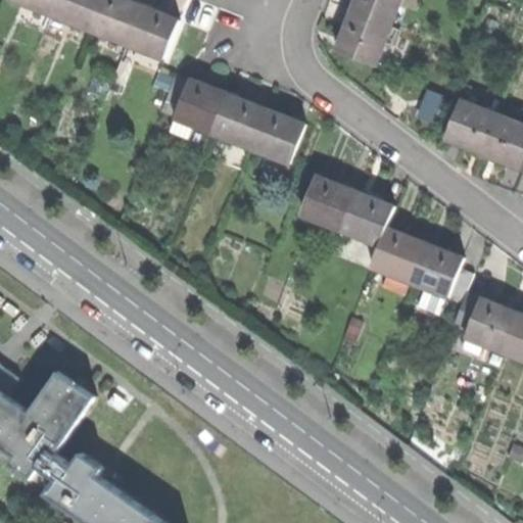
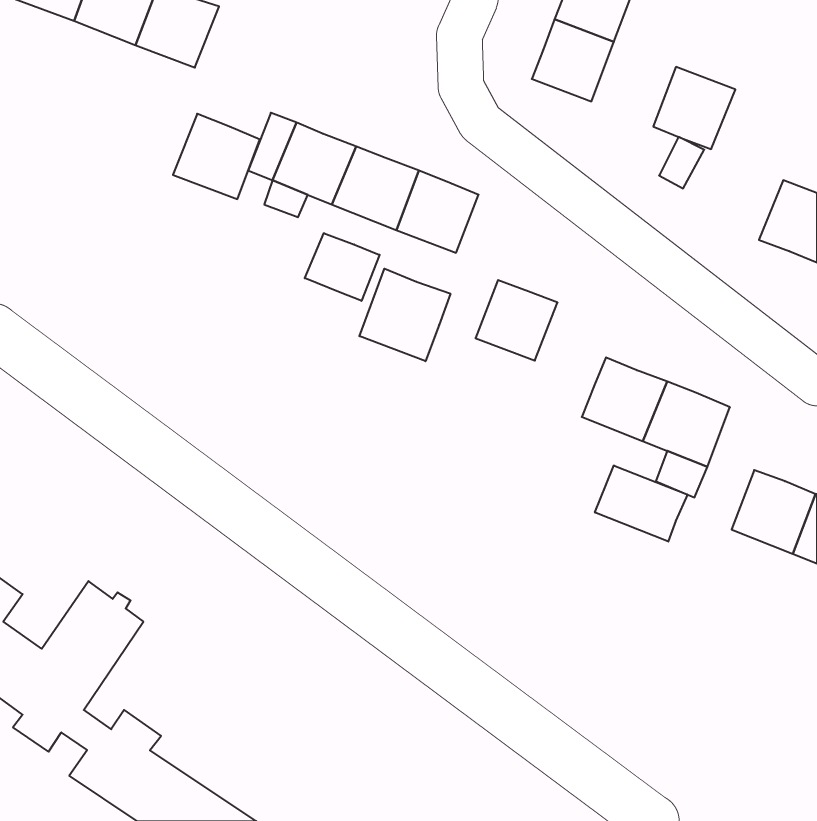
building: [124,4,179,58] -> [173,114,260,199]
building: [444,100,496,152] -> [653,67,735,149]
building: none -> [305,233,380,301]
building: none -> [359,269,450,361]
building: [339,192,391,244] -> none
building: none -> [595,465,687,542]

